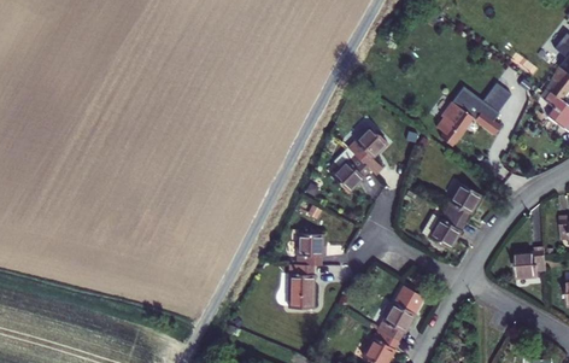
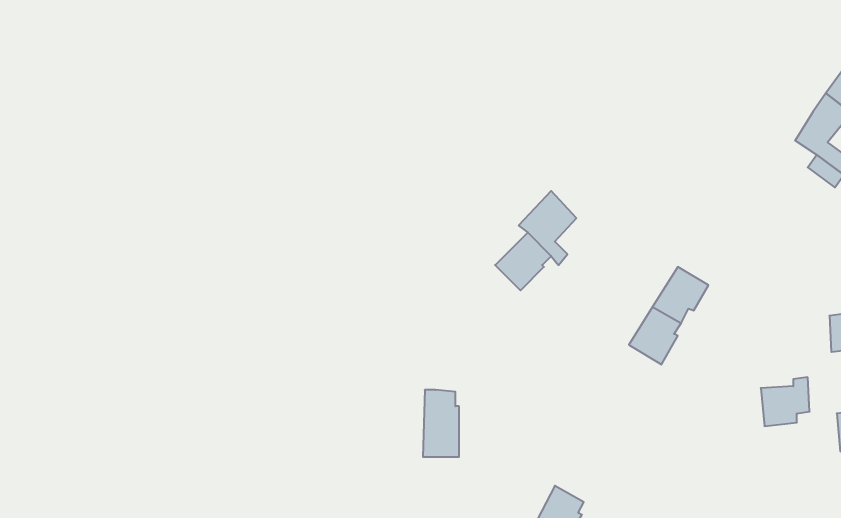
building: [438,86,512,146] -> none
building: [297,234,321,265] -> none
building: [376,285,421,339] -> none

